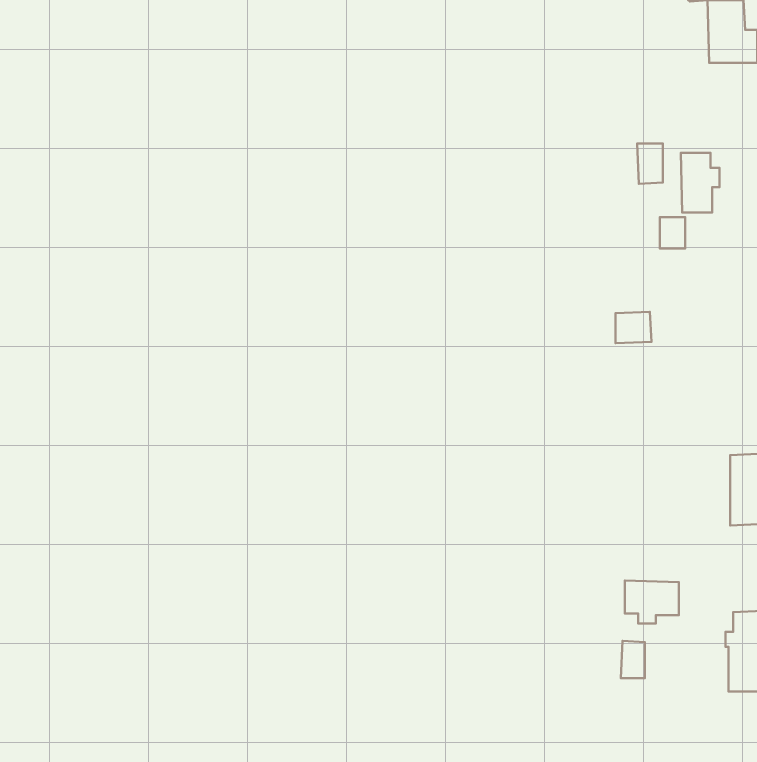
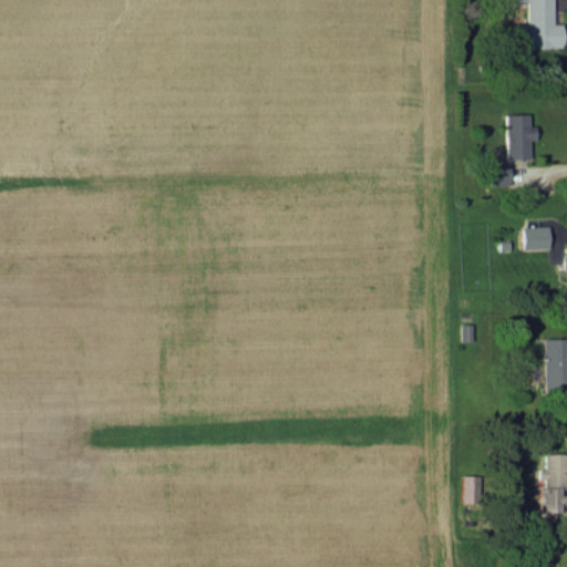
building: [637,144,663,184] -> none
building: [616,312,651,343] -> [525,227,551,250]
building: [625,580,679,623] -> none

